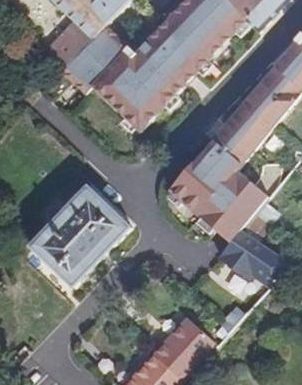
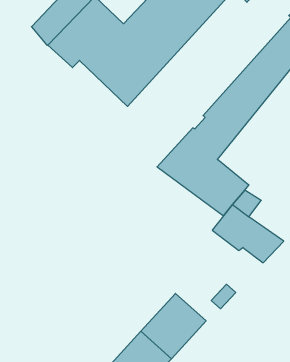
building: [25,184,126,286] -> none

